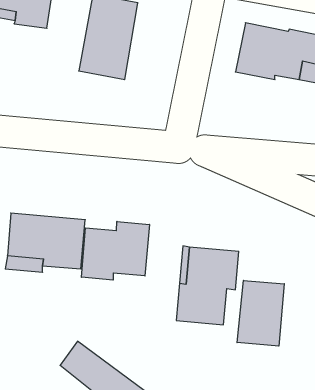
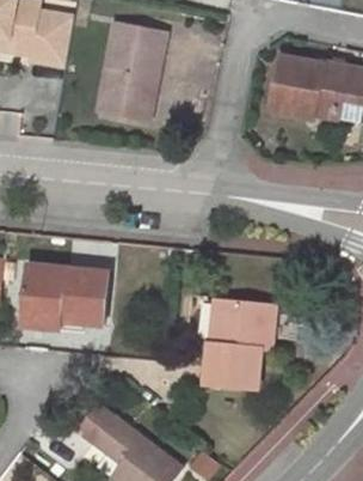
building: [81,221,149,280] -> none
building: [237,280,284,346] -> none

